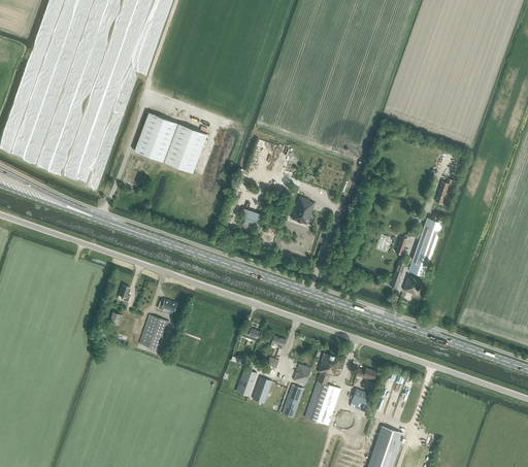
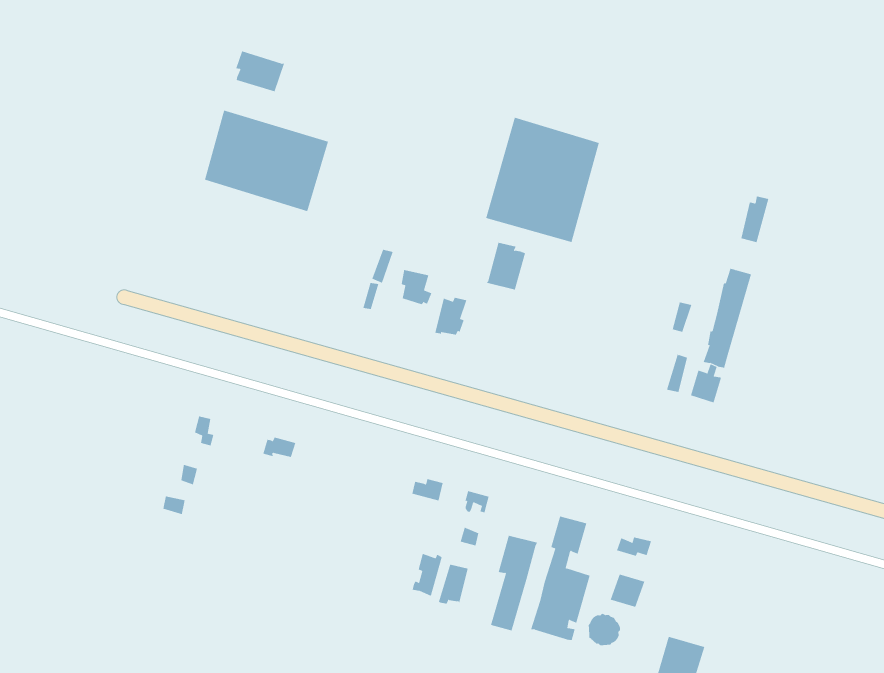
building: none -> [236,50,285,92]
building: none -> [485,117,599,243]
building: [138,314,168,351] -> none

